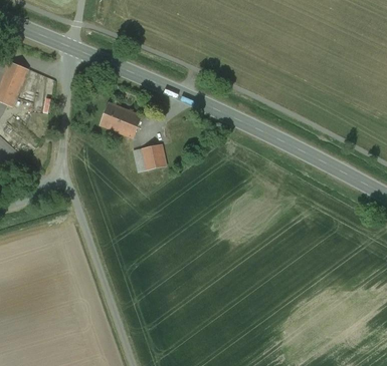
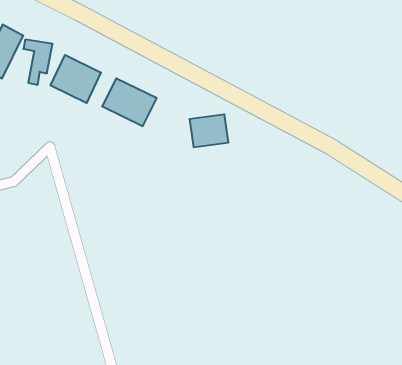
building: none -> [51,55,101,103]
building: [132,144,166,173] -> [189,115,229,147]

